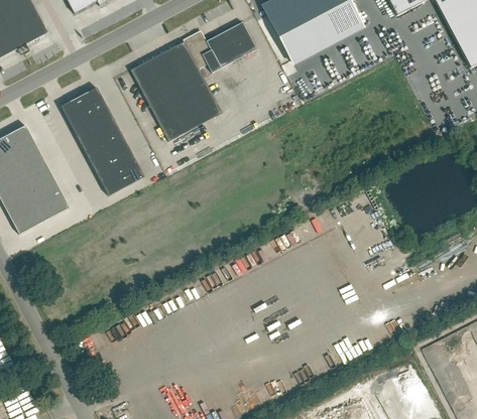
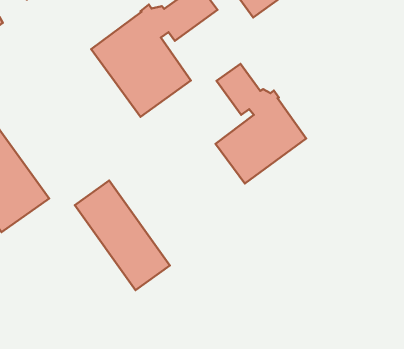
building: [61,86,144,194] -> [75,181,170,290]
building: none -> [215,64,306,183]

